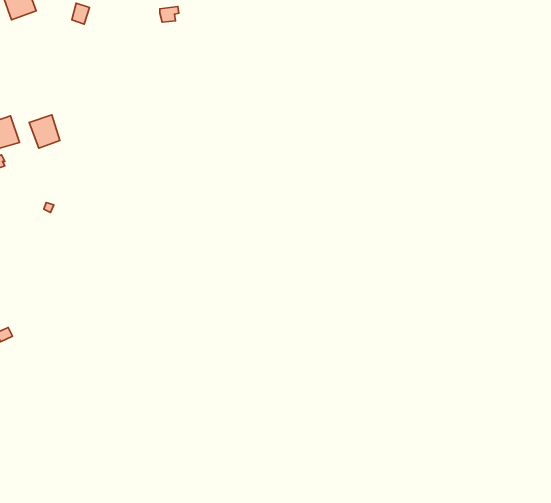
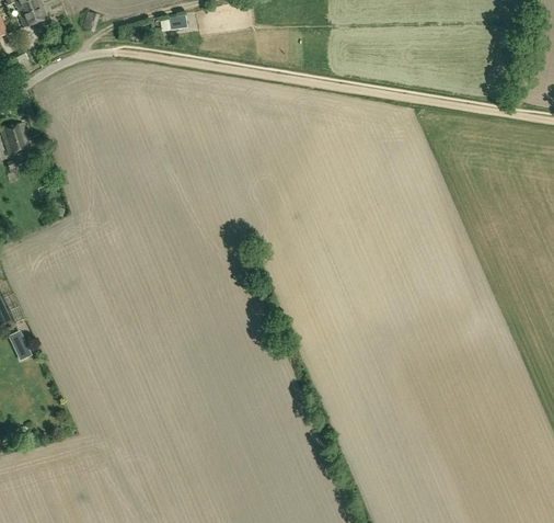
building: [29,115,60,148] -> none

